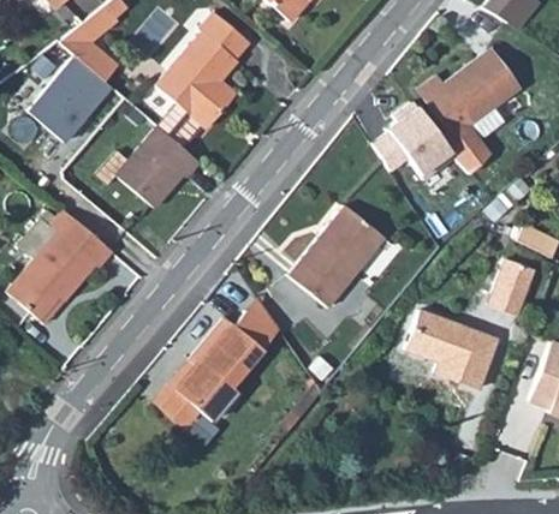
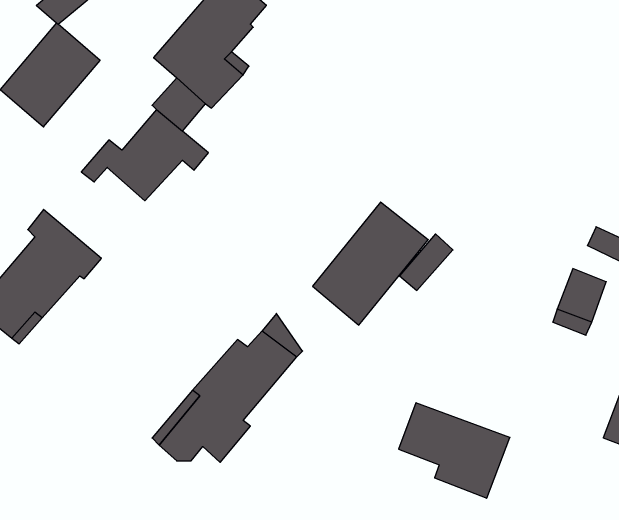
building: [420,49,519,177] -> none
building: [373,101,453,180] -> none
building: [404,311,496,390] -> [399,403,510,498]

